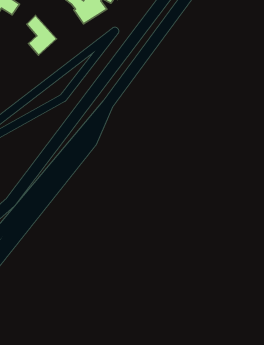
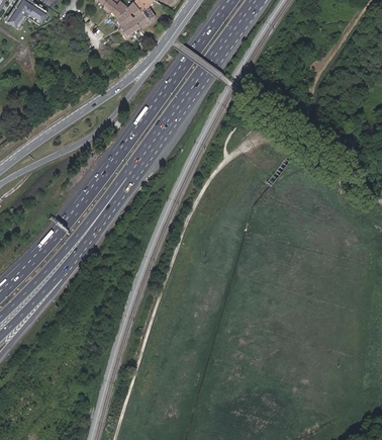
building: [27,16,57,55] -> none

